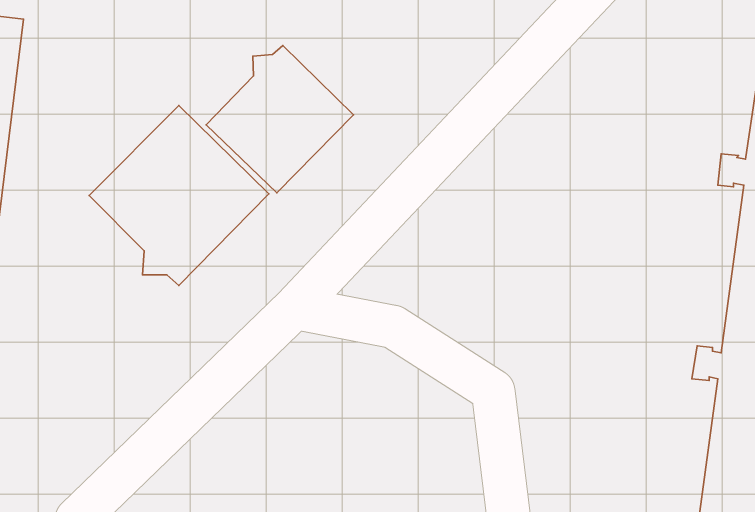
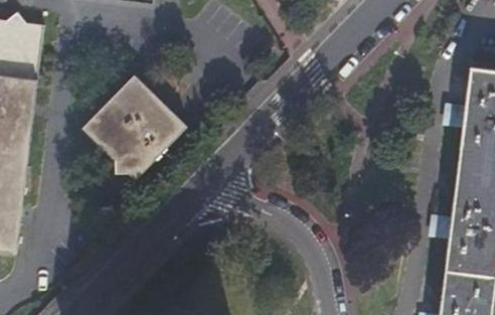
building: [206,45,354,193] -> none

